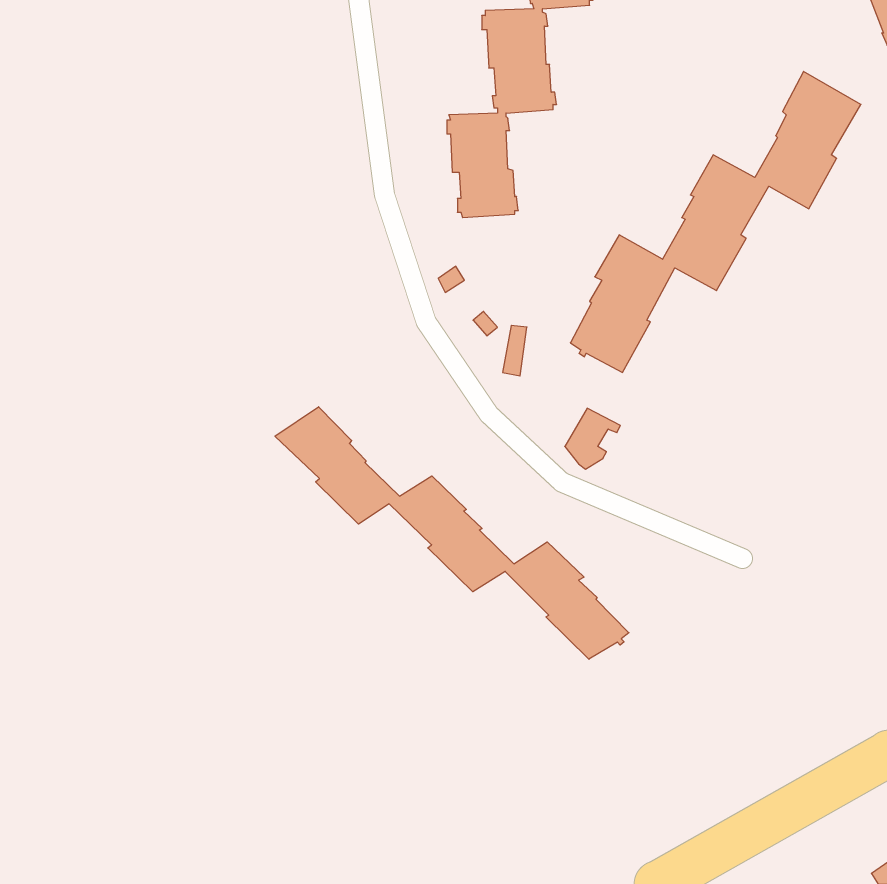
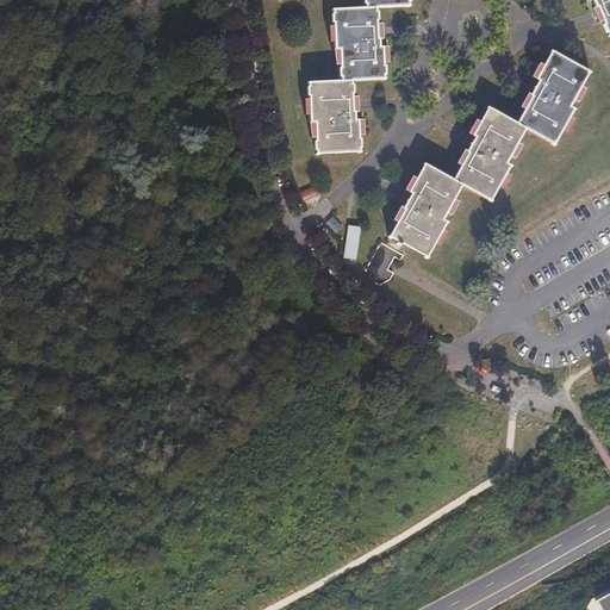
building: [275,407,629,659] -> none
building: [565,408,620,469] -> [365,239,403,281]

